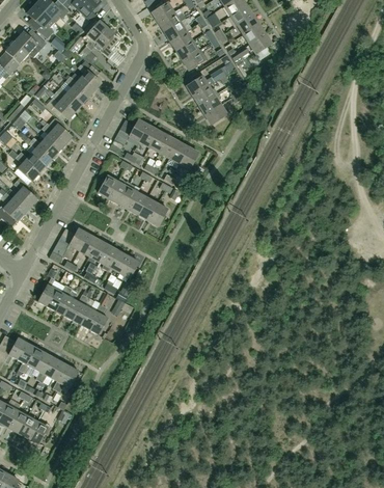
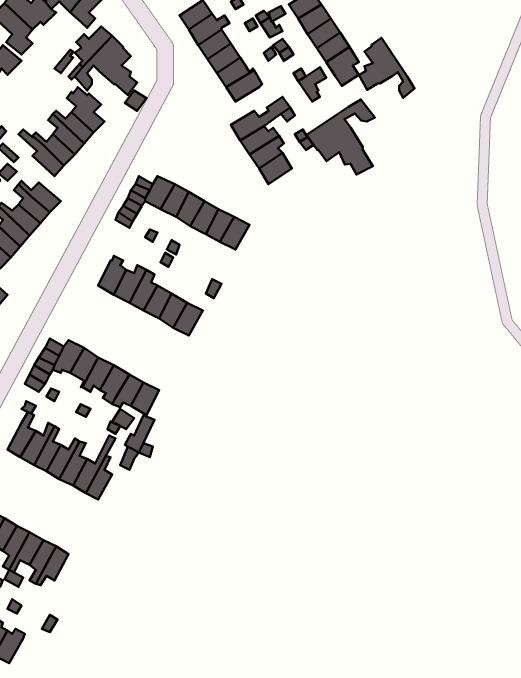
building: none -> [359,38,414,98]
building: none -> [306,100,375,174]

